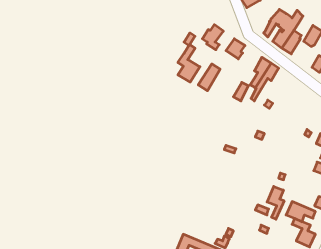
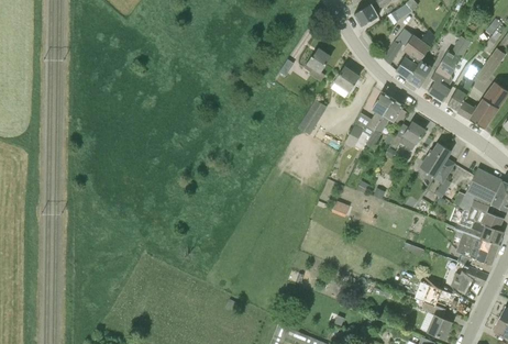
building: none -> [428,70,452,102]
building: [178,45,200,82] -> none
building: none -> [389,122,426,151]
building: none -> [420,143,454,184]
building: [267,186,284,219] -> none

